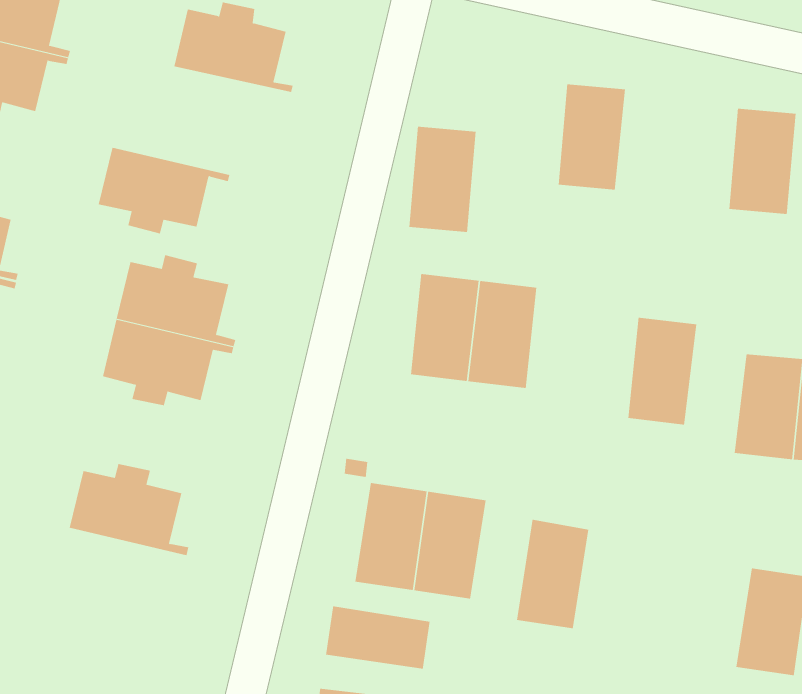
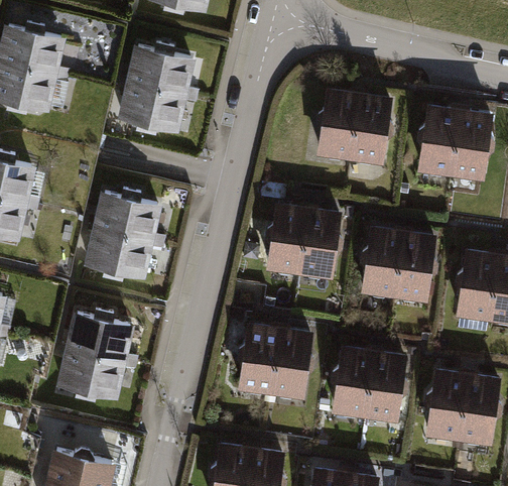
building: none -> [418,107,457,168]
building: [409,126,476,233] -> [319,93,358,154]
building: [98,147,230,234] -> [122,86,199,136]
building: none -> [359,228,399,289]
building: none -> [61,353,138,403]
building: none -> [362,354,405,416]
building: none -> [422,371,465,434]
building: [325,605,430,670] -> none

